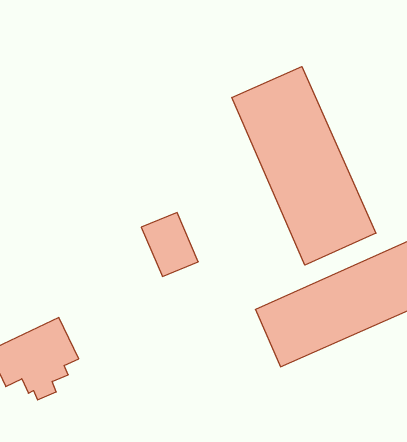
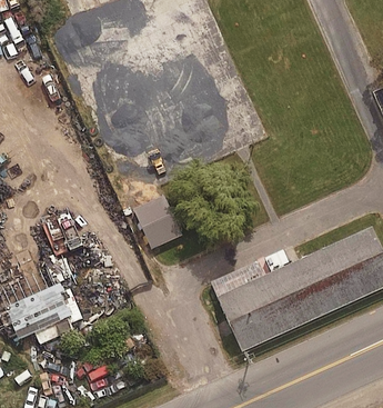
building: [232,67,376,265] -> none

